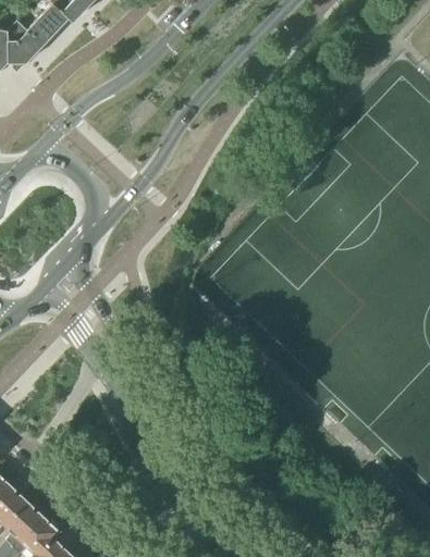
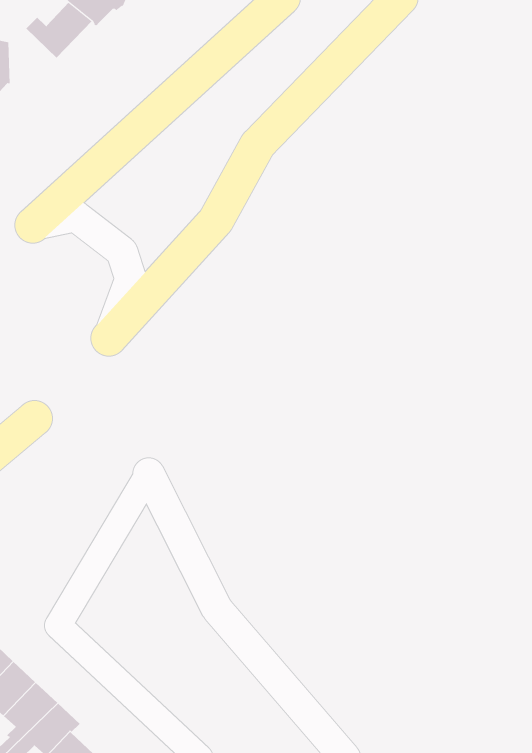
building: [8,21,42,72] -> none

